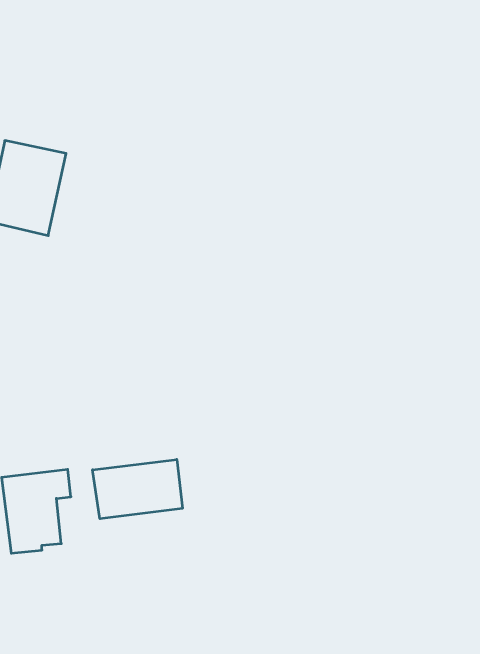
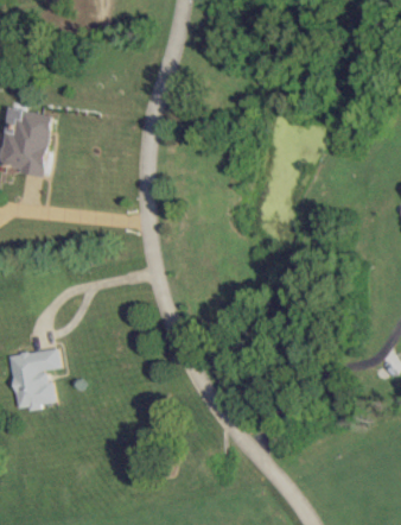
building: [93,459,182,519] -> none

